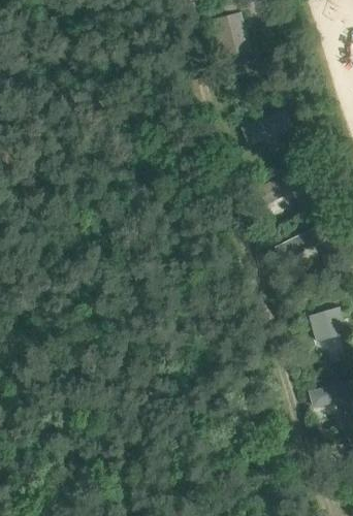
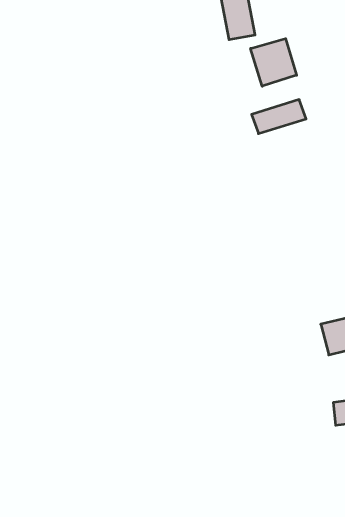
building: none -> [251,39,297,86]

